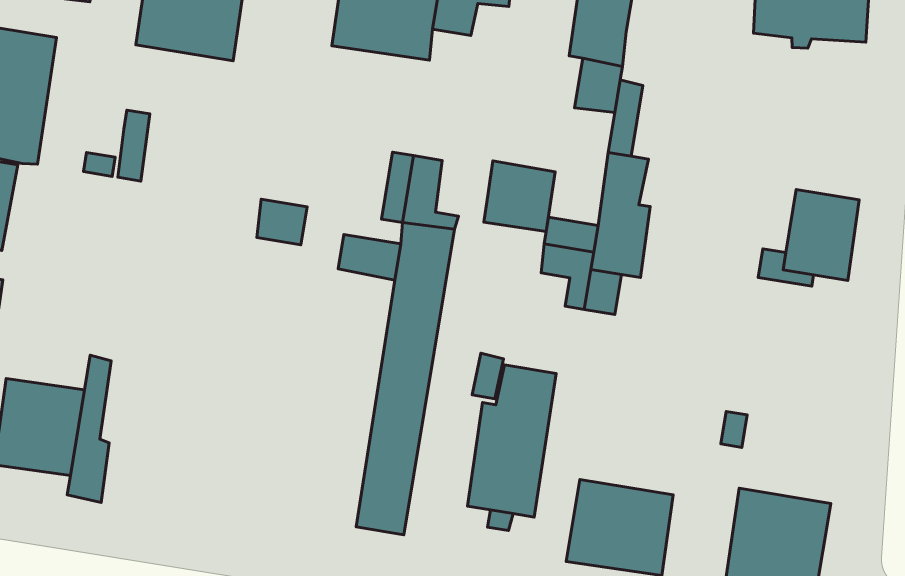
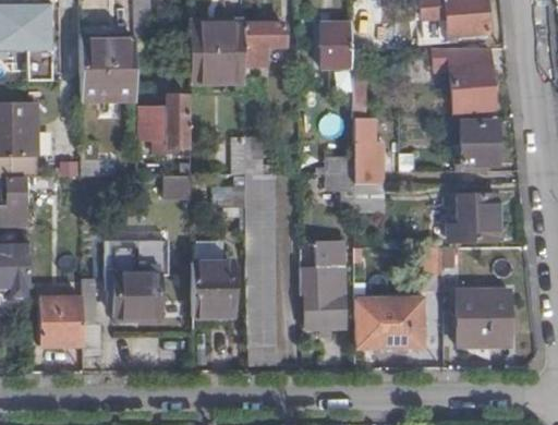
building: none -> [430,48,493,111]
building: none -> [136,95,191,146]
building: [484,161,555,232] -> none
building: none -> [107,242,166,316]
building: none -> [448,196,500,240]
building: none -> [192,260,233,316]

